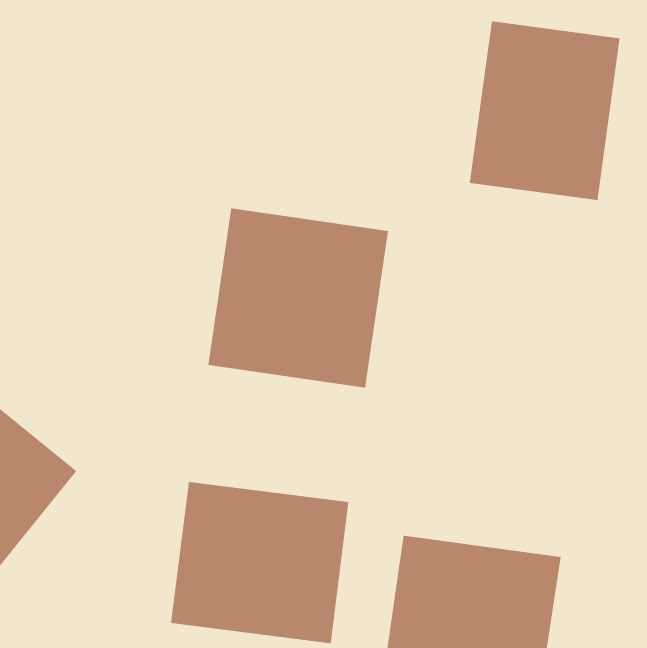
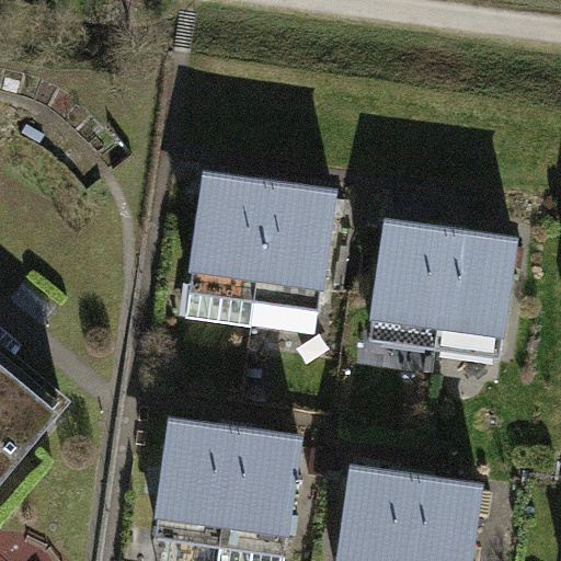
building: [469,20,620,201] -> none
building: none -> [366,225,522,356]

